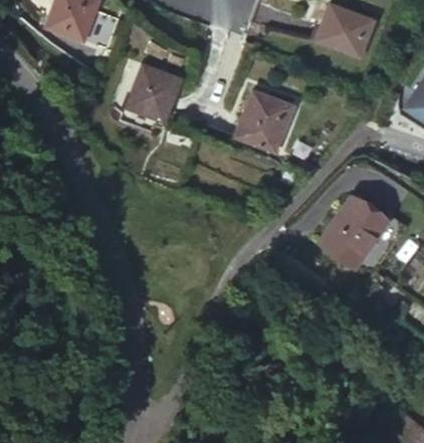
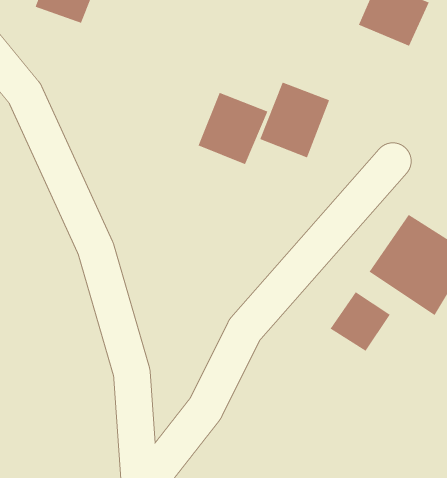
building: [121,62,180,124] -> [197,92,268,165]
building: none -> [330,291,391,352]

